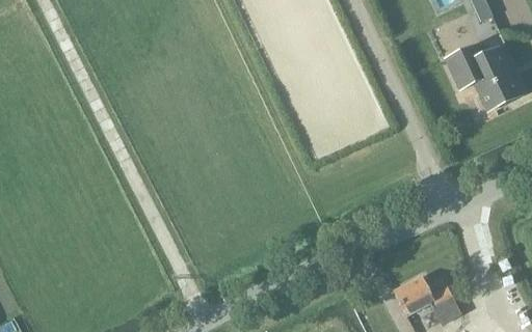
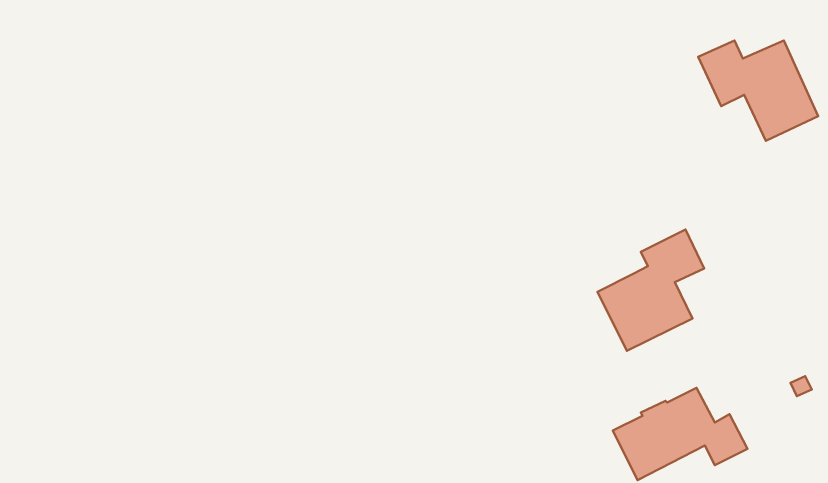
building: none -> [597,230,704,351]

